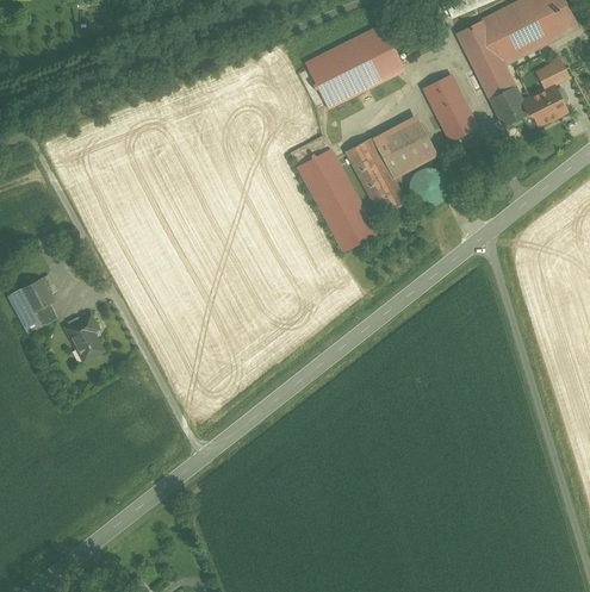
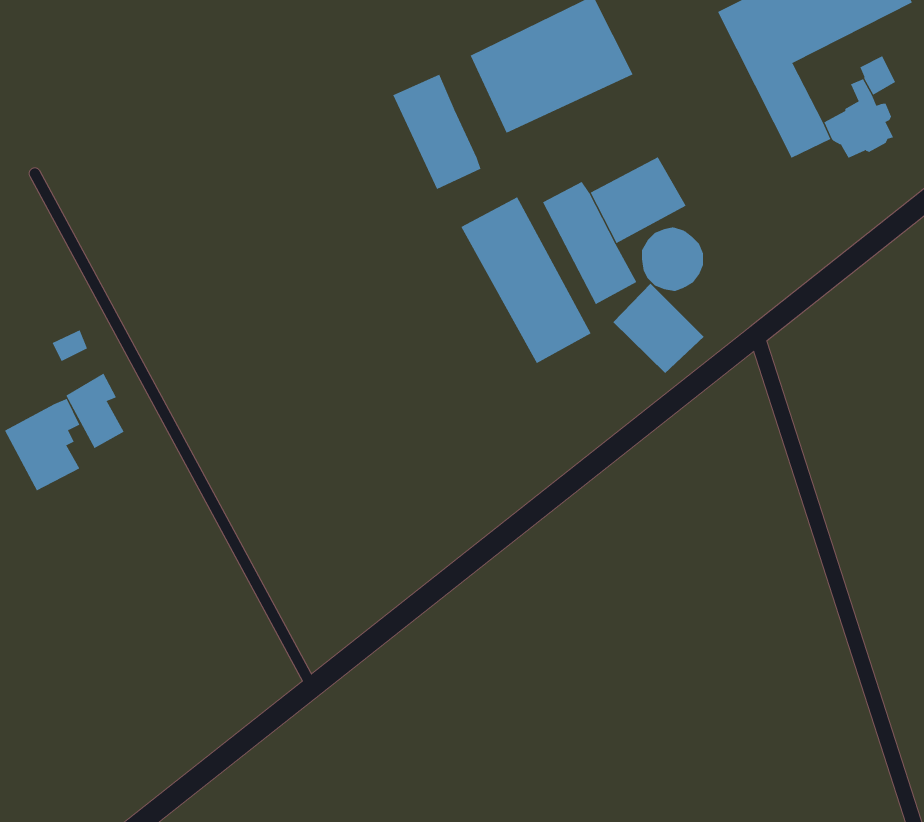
building: none -> [392,74,481,190]
building: [422,75,476,138] -> none
building: none -> [613,283,704,374]
building: [67,313,104,361] -> [66,373,125,449]

